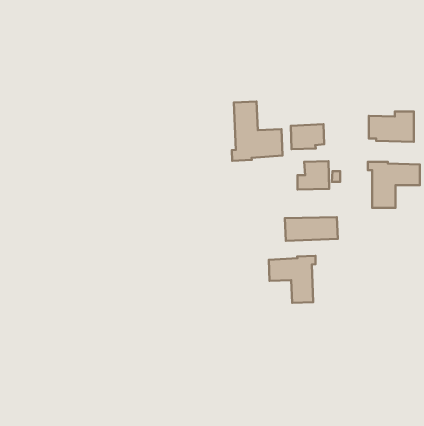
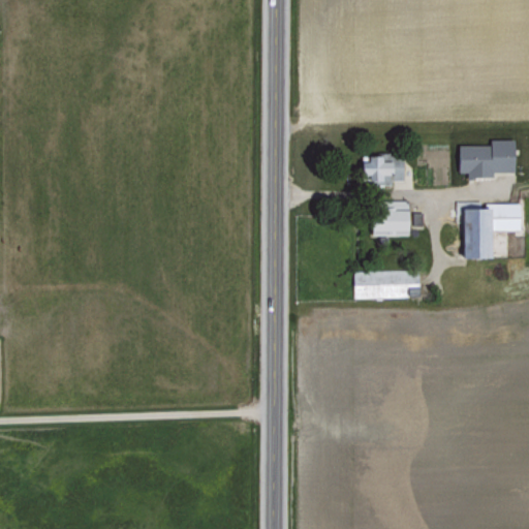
building: [232,102,283,161] -> none
building: [269,256,316,303] -> none

